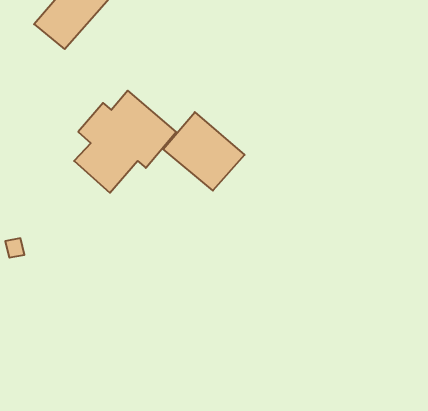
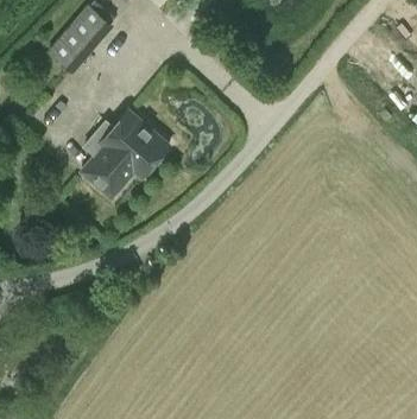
building: [163,112,245,191] -> none

